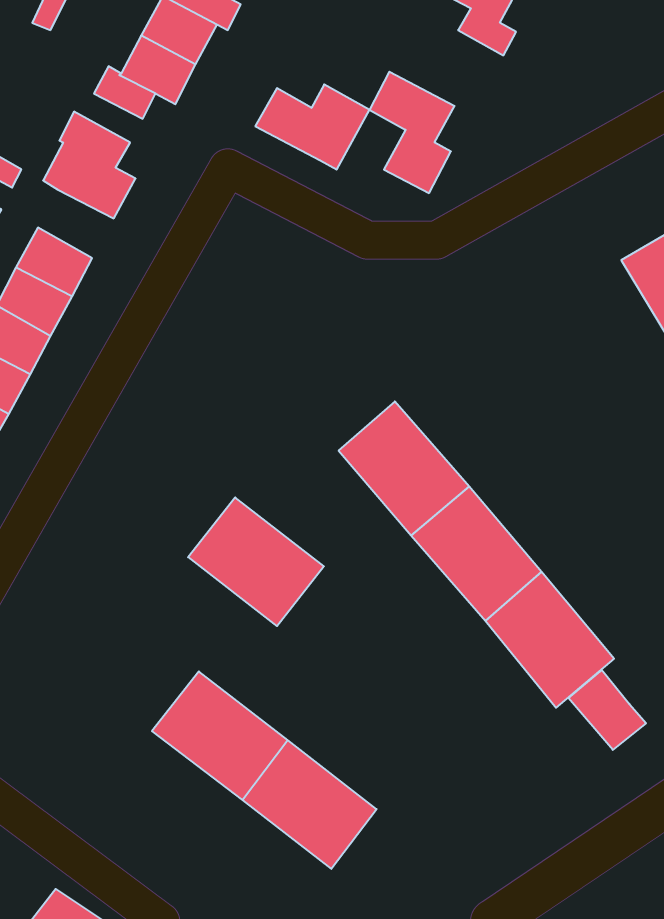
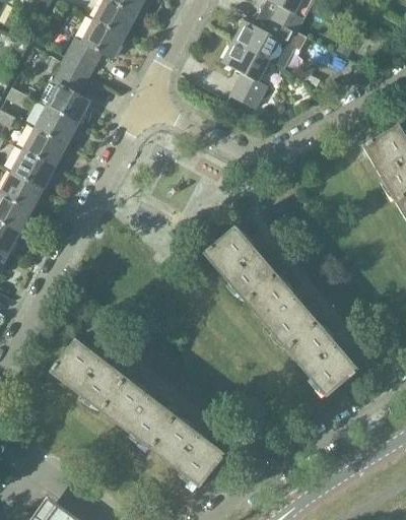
building: [255,84,369,170] -> [232,17,296,65]
building: none -> [36,107,78,145]
building: [188,497,324,626] -> [50,338,126,410]
building: [569,669,646,750] -> none

